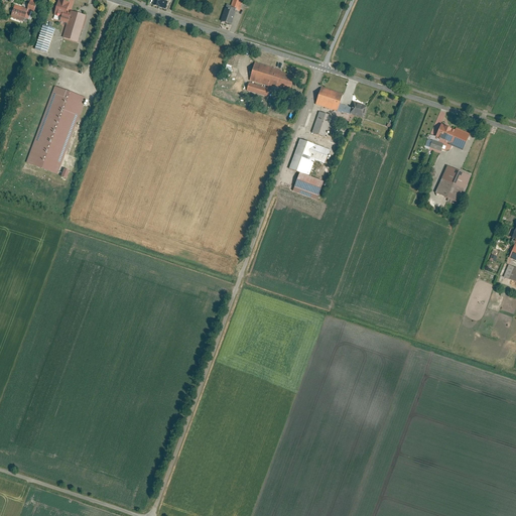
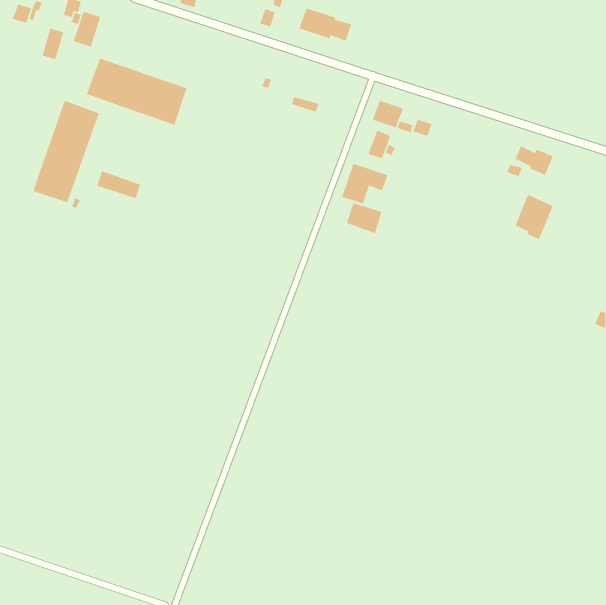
building: none -> [86,57,188,126]
building: [249,60,294,90] -> [299,7,352,42]
building: none -> [96,170,141,199]

